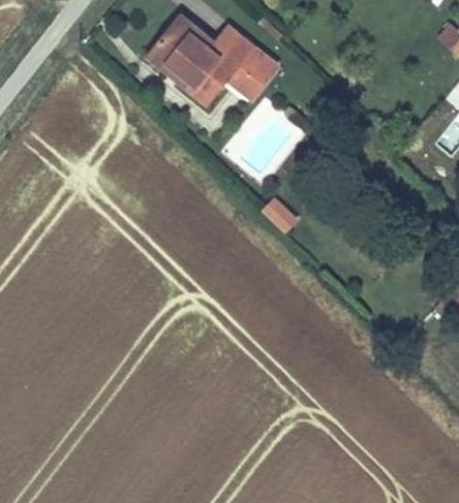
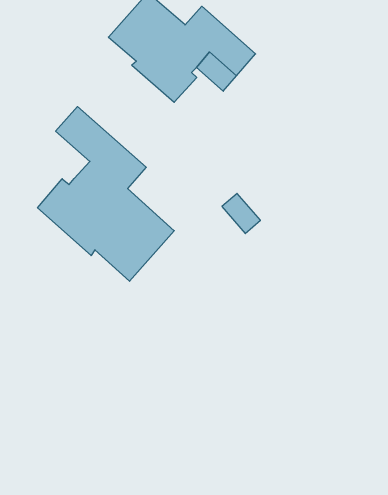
building: none -> [38,107,174,281]

